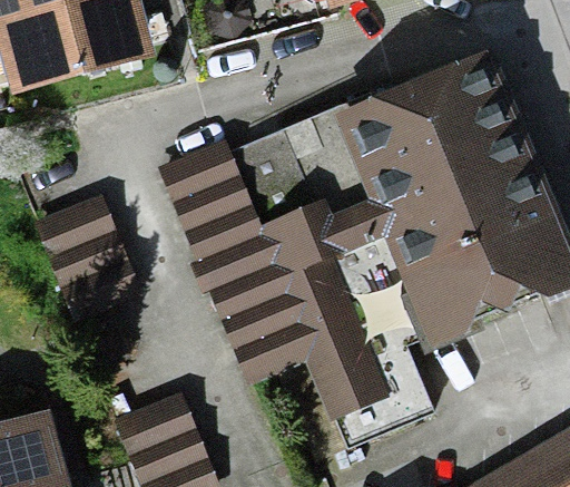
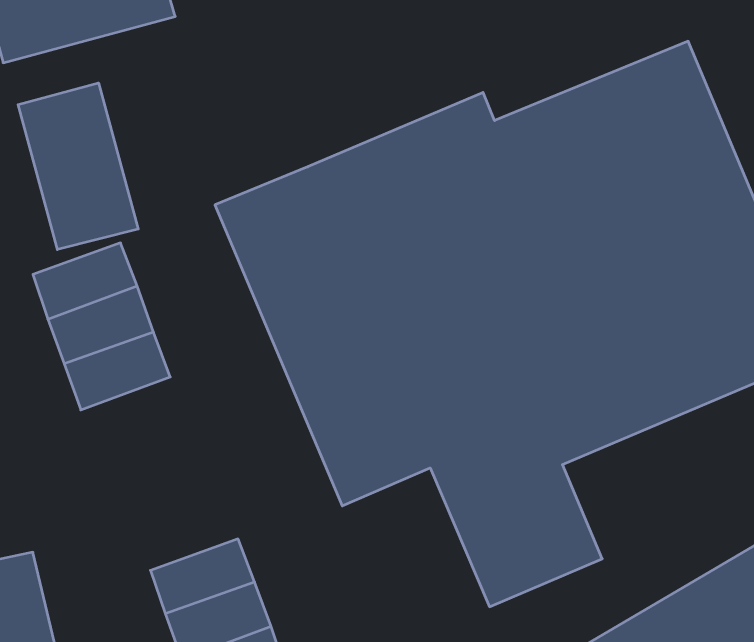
building: none -> [18,83,138,250]

